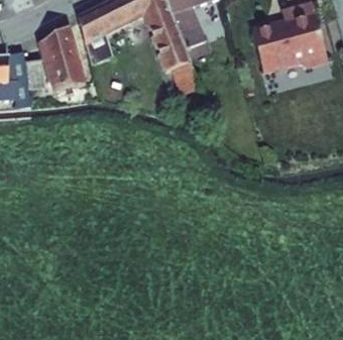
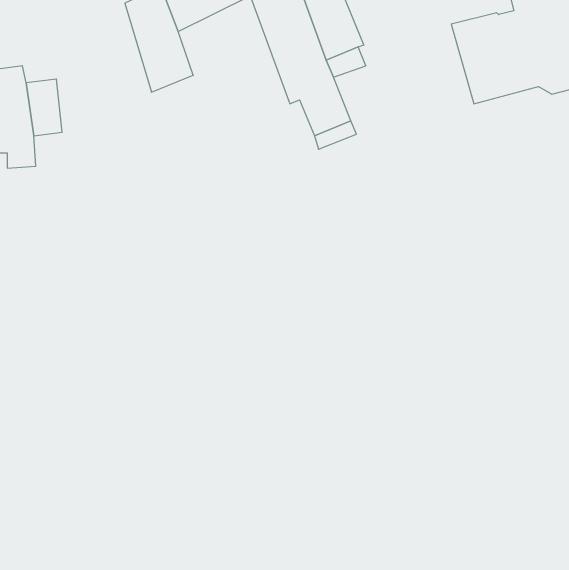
building: [41,23,85,89] -> none

